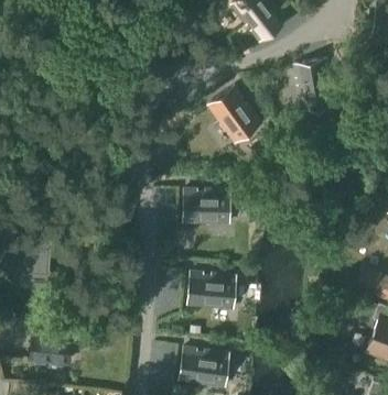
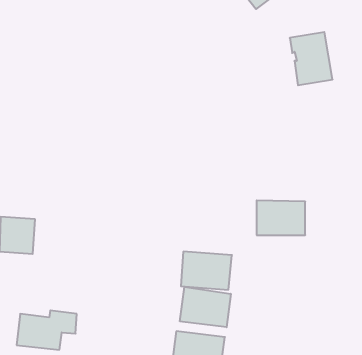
building: [206,90,260,146] -> none
building: [183,190,229,223] -> [257,200,305,235]
building: none -> [180,287,231,327]

